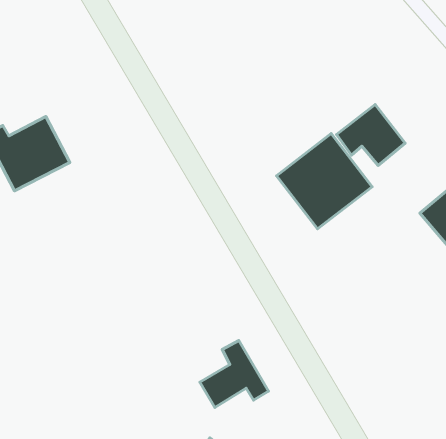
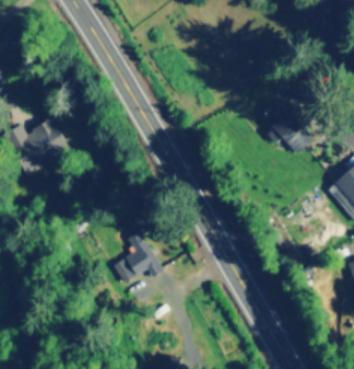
building: [277,134,372,229] -> none
building: [200,341,268,407] -> [113,233,163,282]

